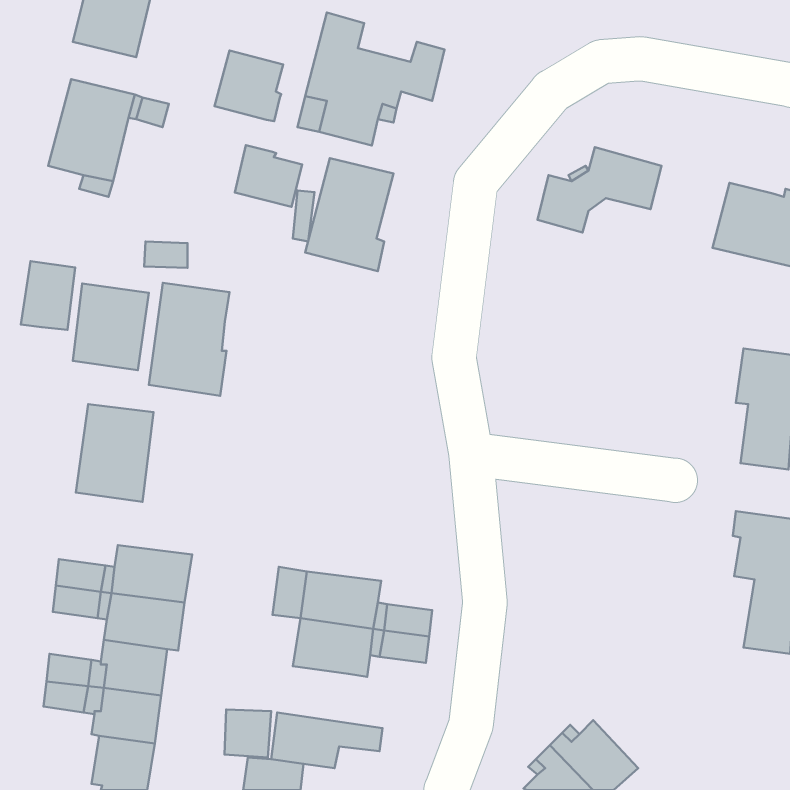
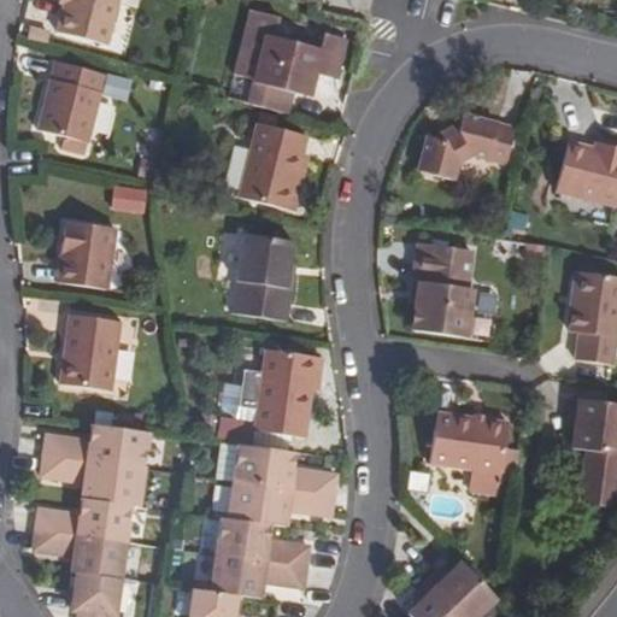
building: [215,50,283,121] -> none
building: [235,145,302,207] -> none
building: [21,261,75,330] -> none
building: [149,283,229,396] -> [231,234,294,322]
building: none -> [413,243,475,337]
building: none -> [241,348,324,437]
building: none -> [430,411,509,471]
building: none -> [217,517,302,566]

